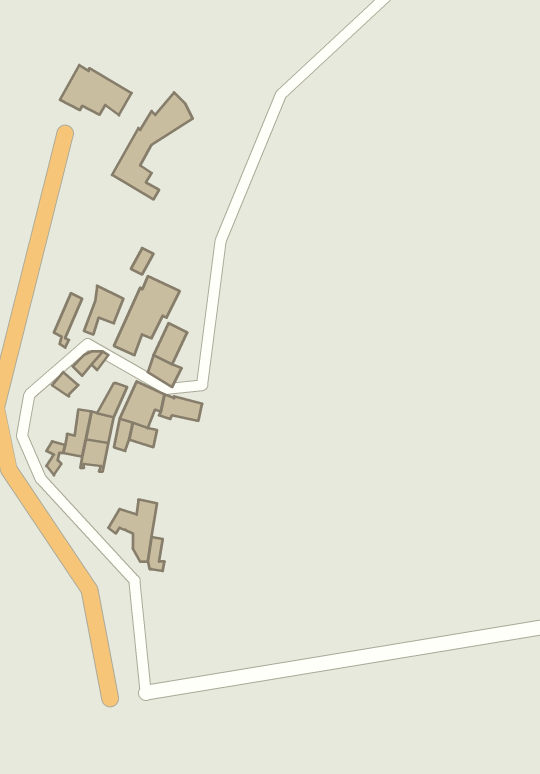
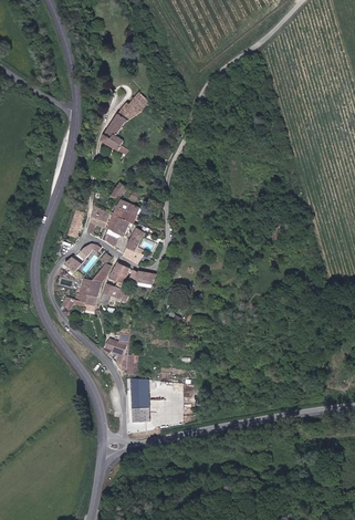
building: [60,65,132,115] -> none
building: none -> [127,378,147,422]

